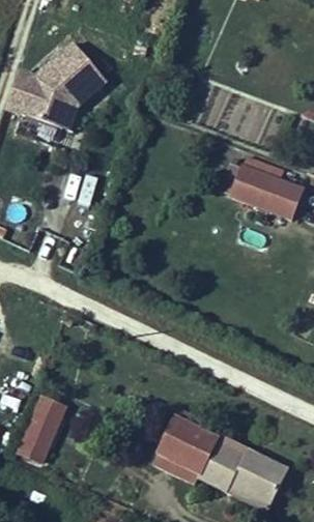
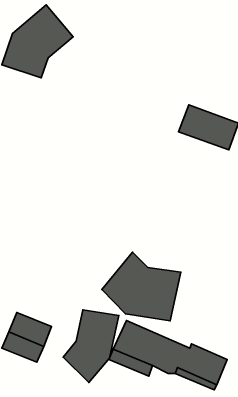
building: none -> [102,252,181,321]
building: none -> [63,310,119,383]

